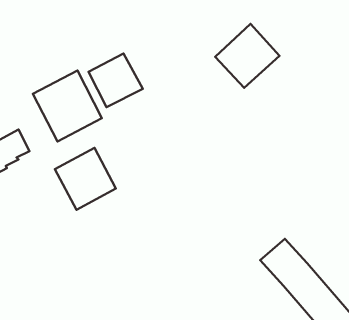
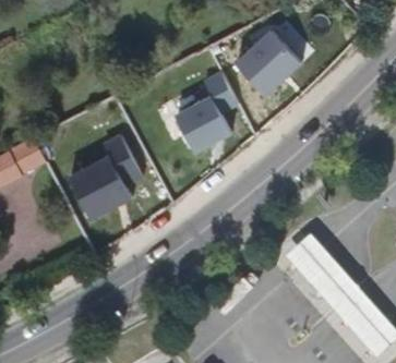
building: [88,54,143,107] -> [179,93,235,147]
building: [33,70,102,141] -> none

